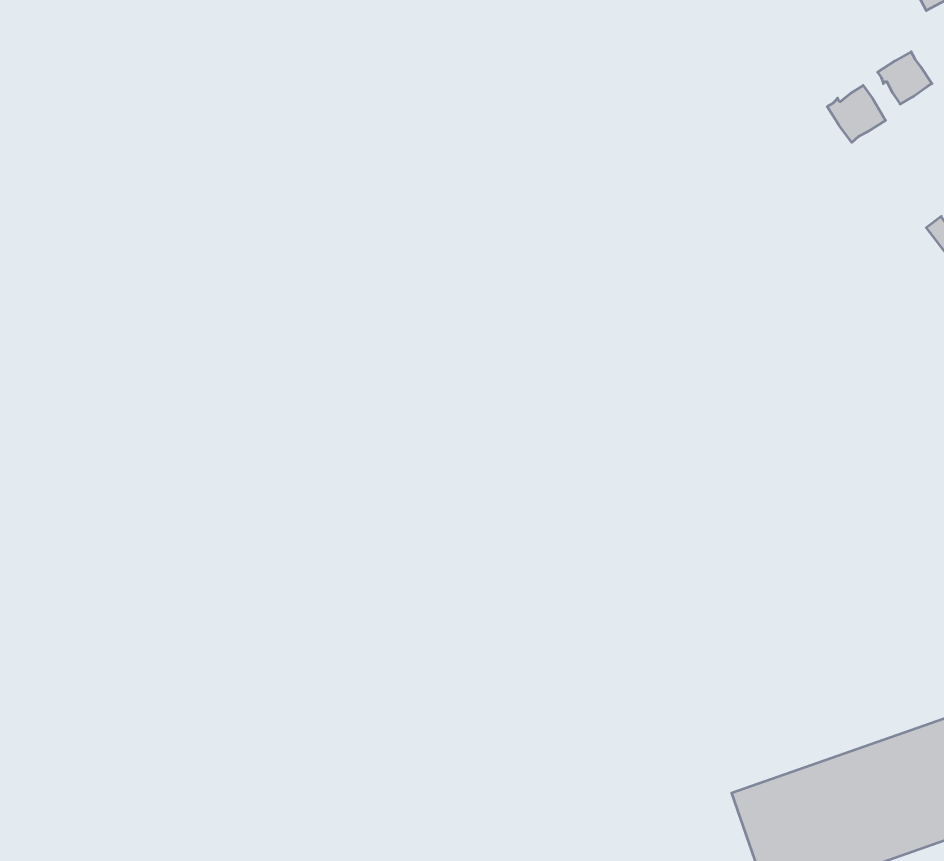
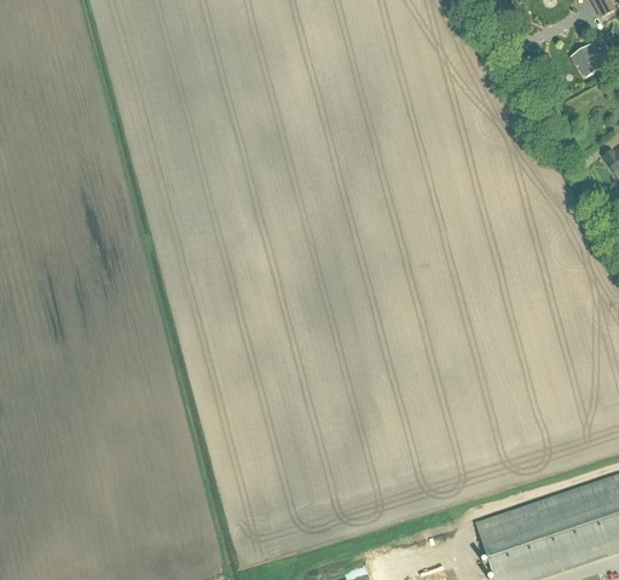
building: [827,85,886,142] -> none

